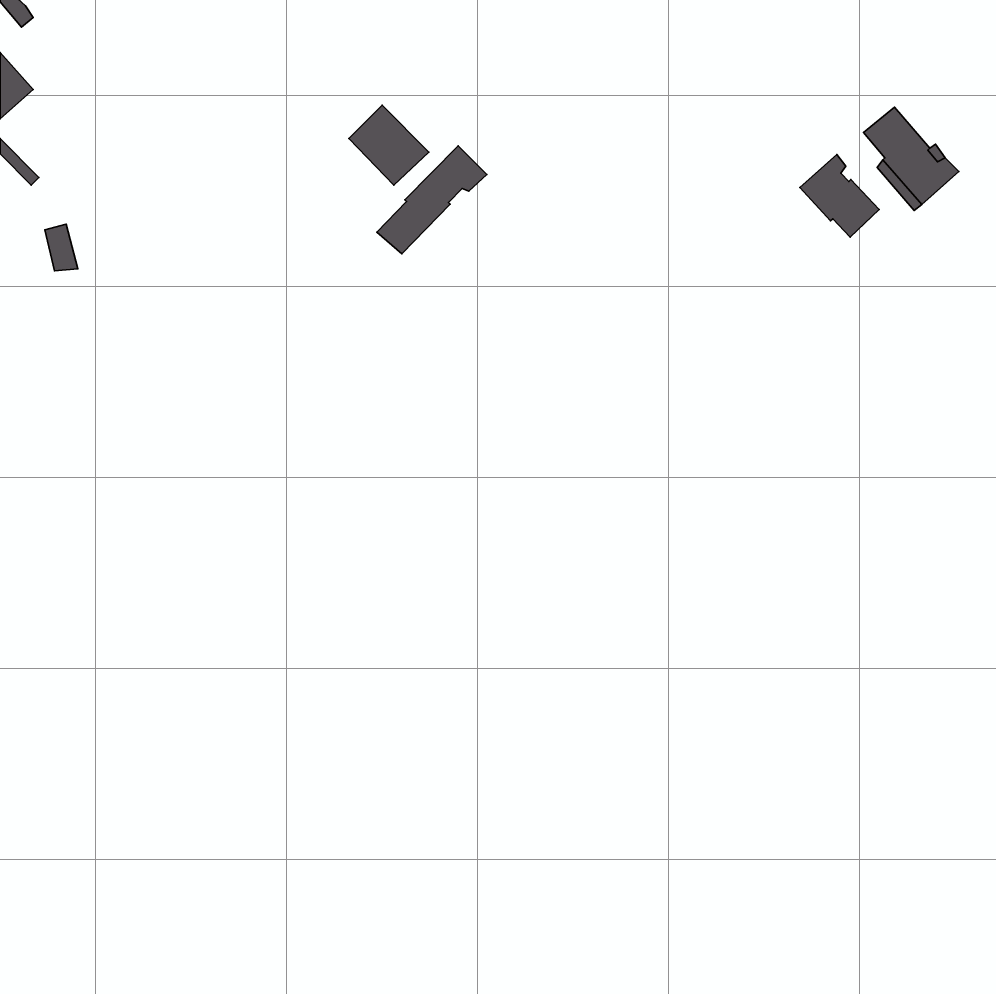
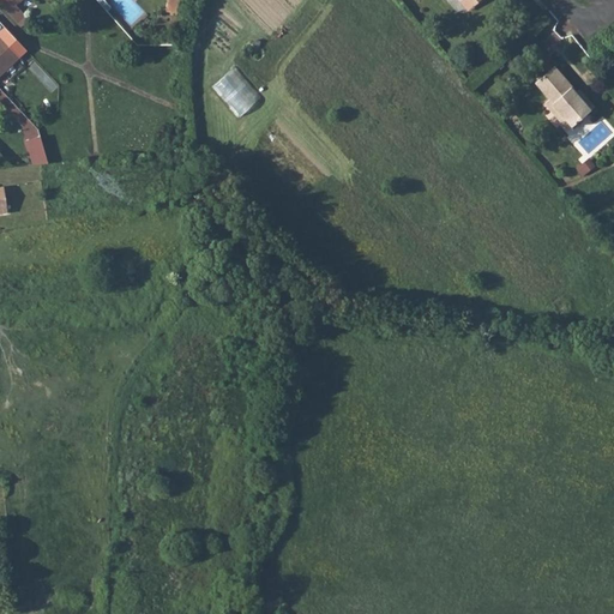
building: [377,146,487,254] -> none
building: [800,155,879,237] -> none

